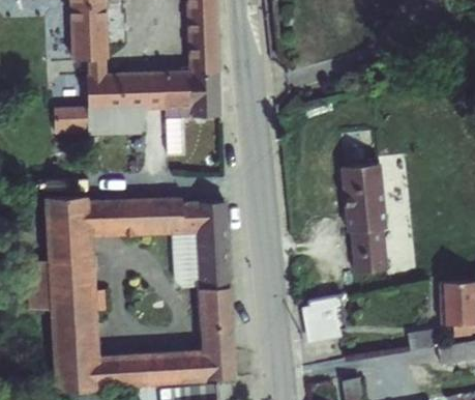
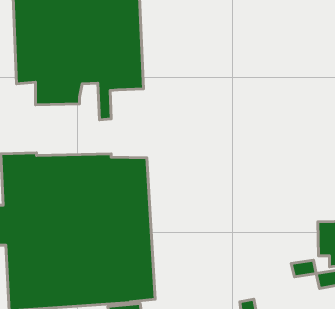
building: [340,164,389,275] -> none
building: [302,296,348,344] -> none

